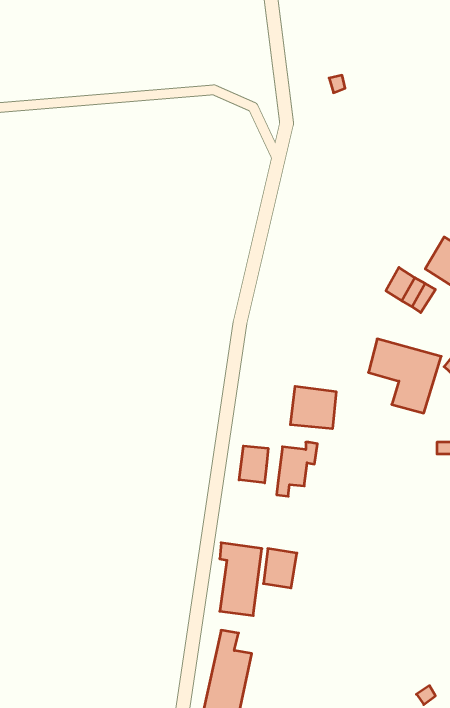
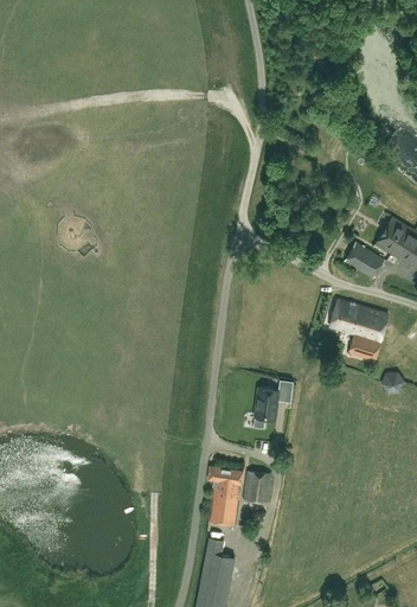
building: [290,386,336,429] -> none
building: [239,446,268,483] -> none

